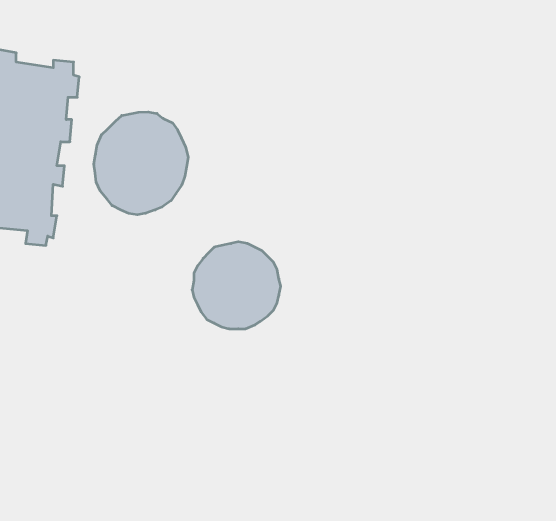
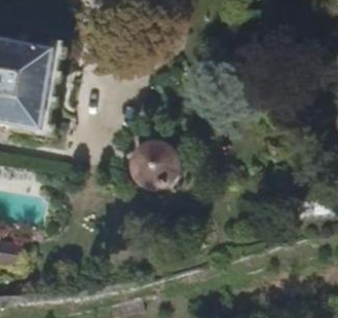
building: [94,112,188,215] -> none

